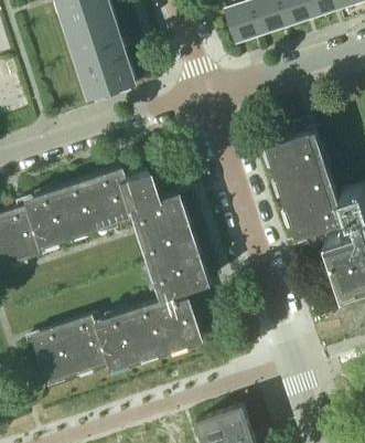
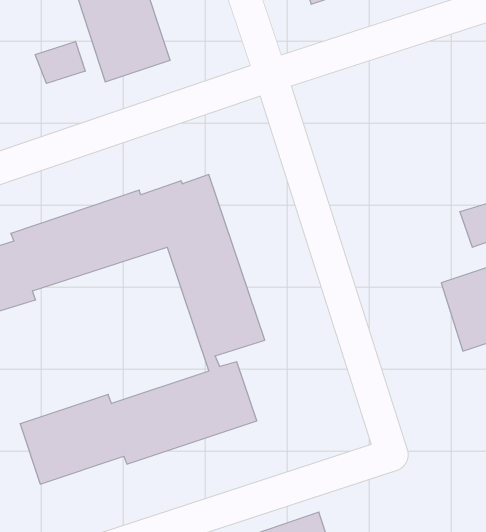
building: none -> [35,41,85,83]
building: [265,134,337,240] -> none

